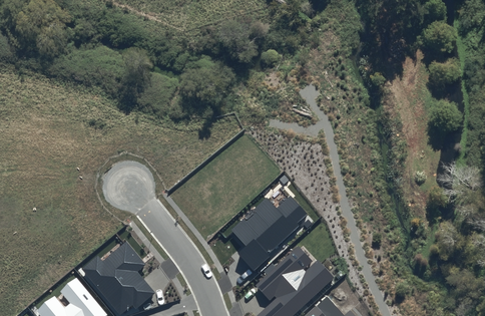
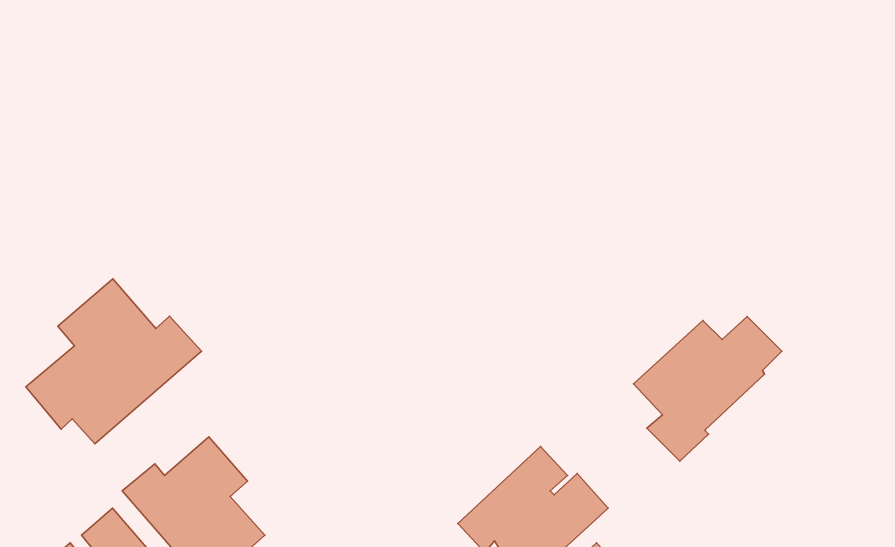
building: none -> [26,279,202,444]
building: [229,196,307,271] -> [633,316,782,461]

